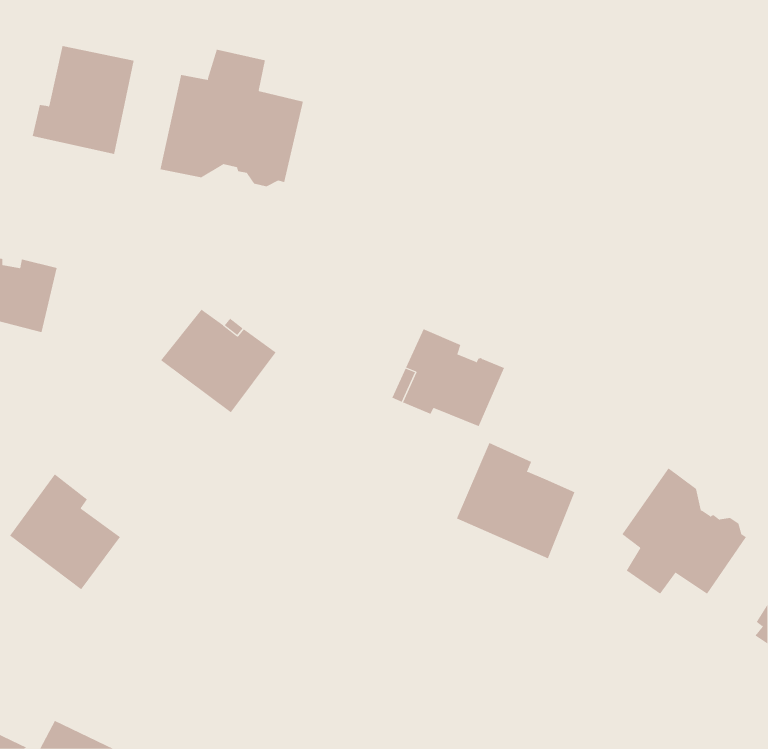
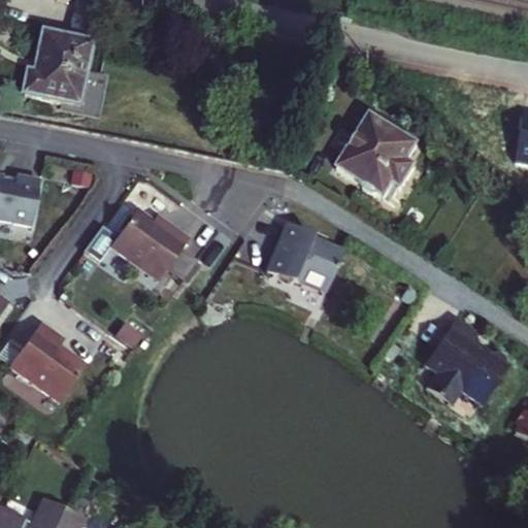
building: [160,49,303,187] -> none
building: none -> [349,112,423,189]
building: [456,442,575,559] -> none

